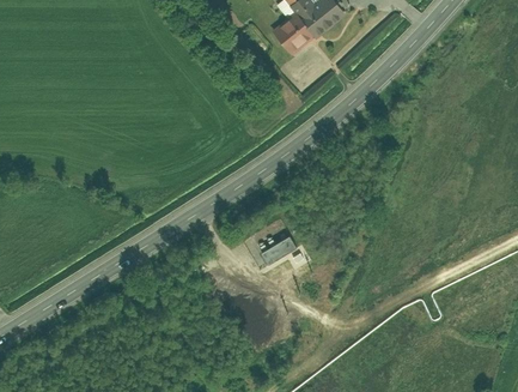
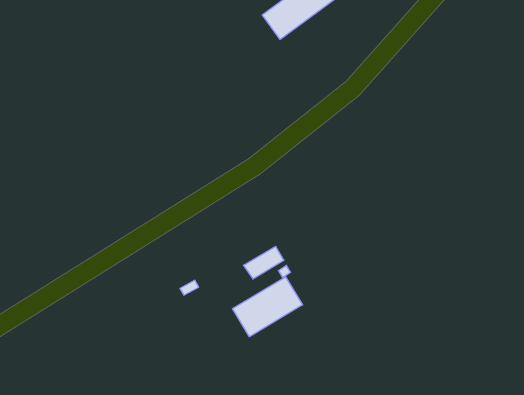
building: none -> [232,277,303,337]

